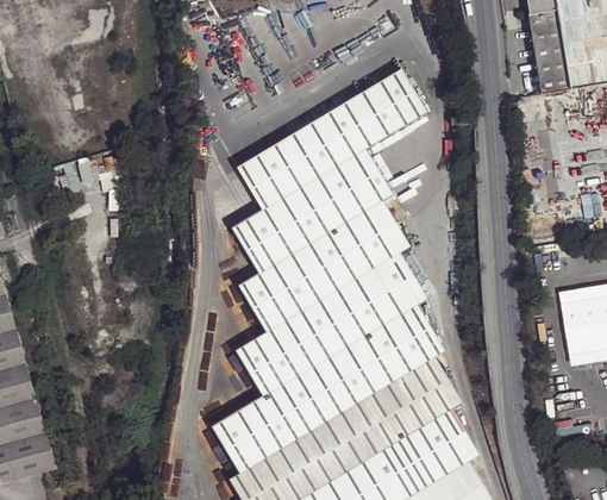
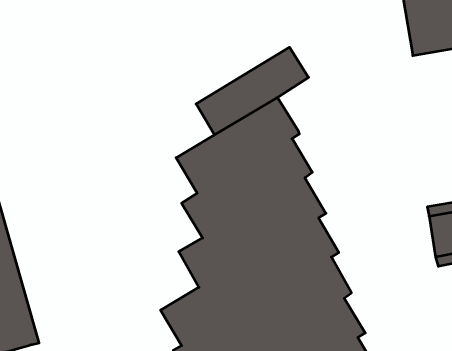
building: [380,69,427,121] -> none
building: [237,156,282,210] -> none

